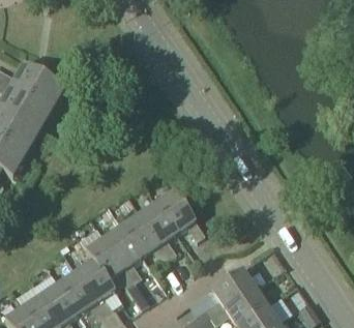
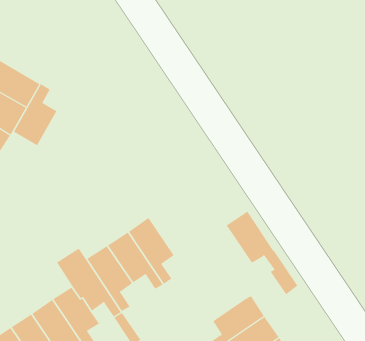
building: none -> [13,83,57,146]
building: [157,188,218,260] -> [226,211,298,295]

